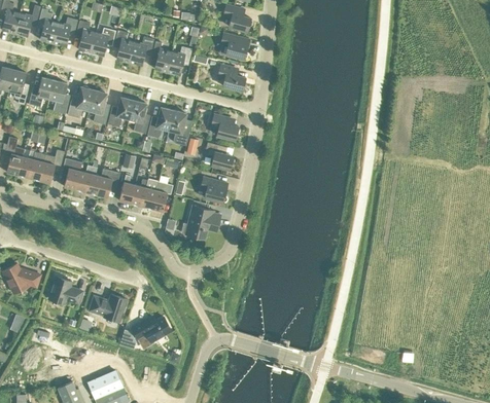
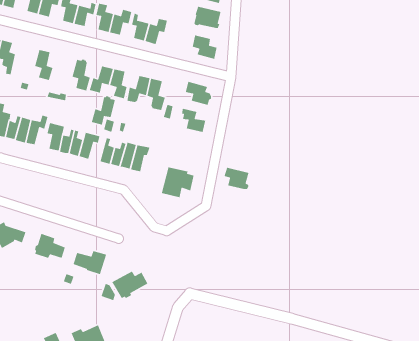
building: [28,76,54,106] -> none
building: [67,85,94,117] -> [91,96,116,125]
building: [200,177,227,202] -> [223,167,249,190]

